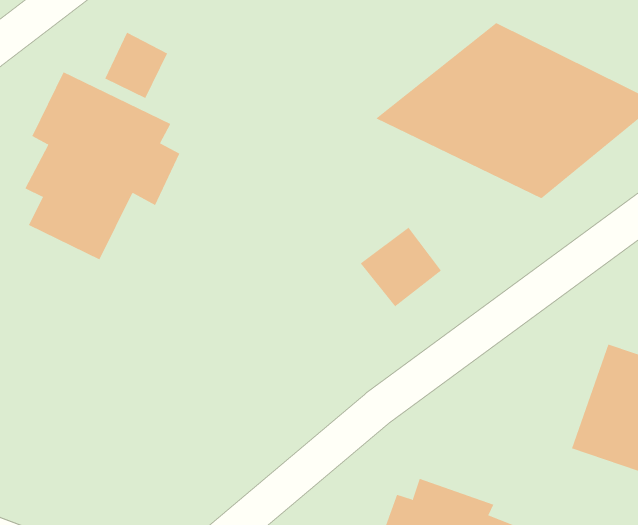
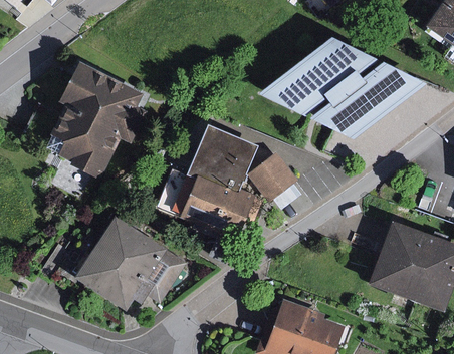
building: [104,32,168,99] -> none
building: none -> [158,123,262,239]
building: none -> [78,219,185,307]

